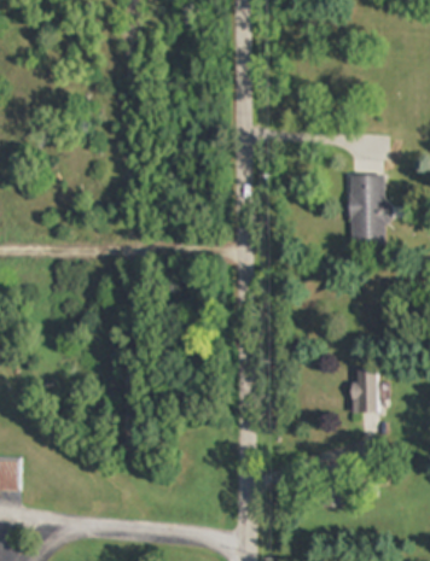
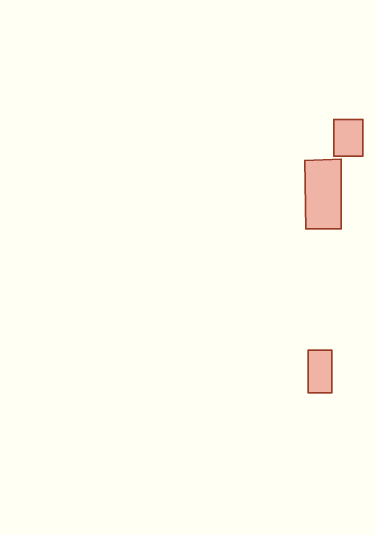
building: none -> [334,120,363,156]

